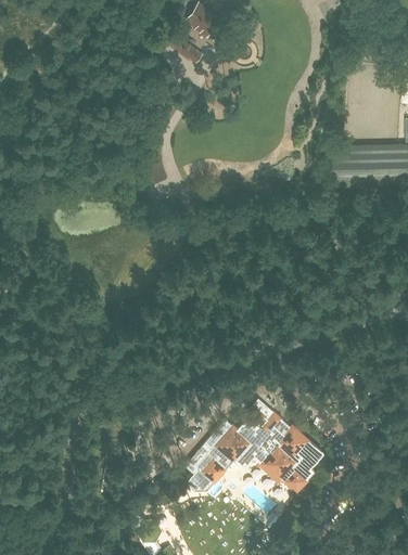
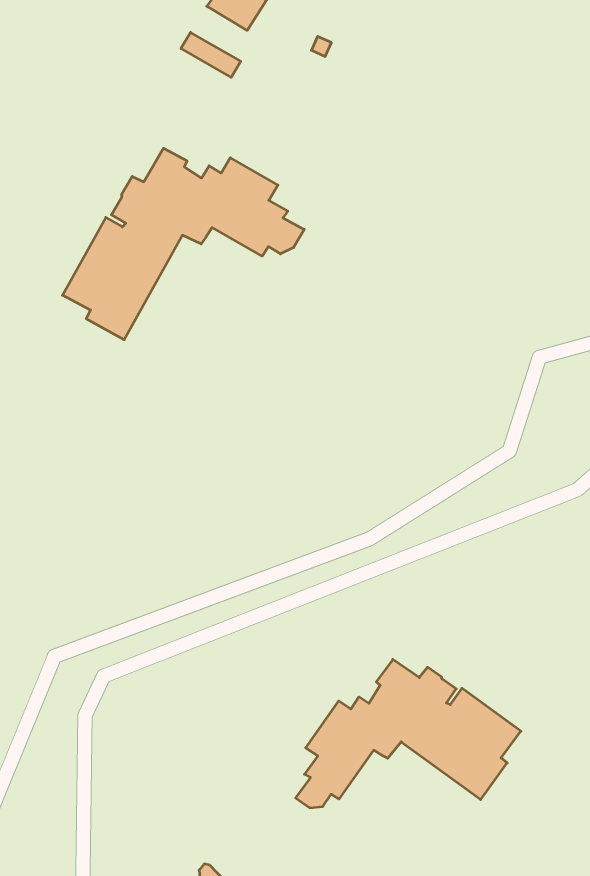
building: none -> [62,148,304,340]

